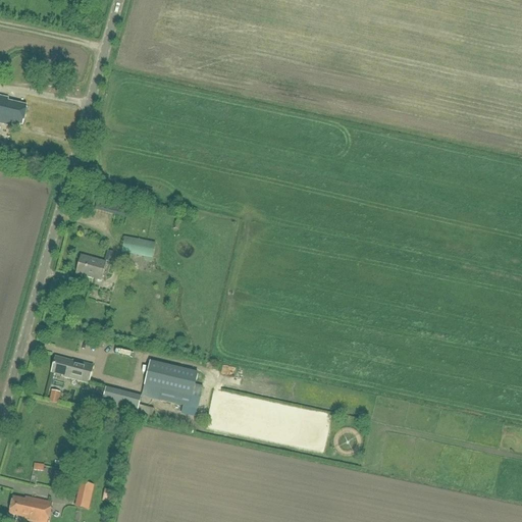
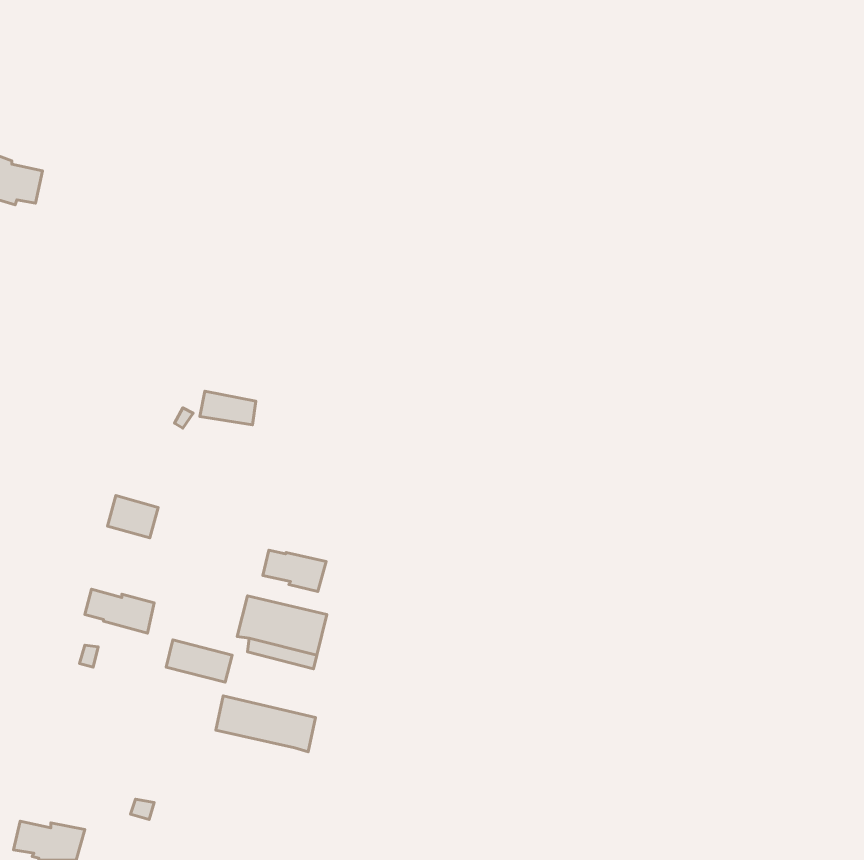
building: [74,253,105,278] -> [107,496,158,538]
building: none -> [263,550,326,592]
building: none -> [216,696,315,752]

